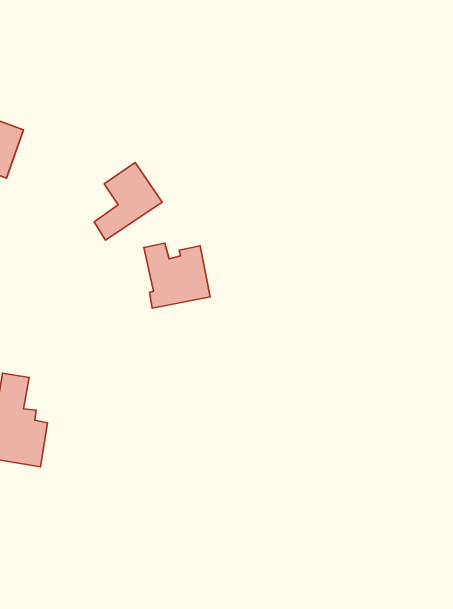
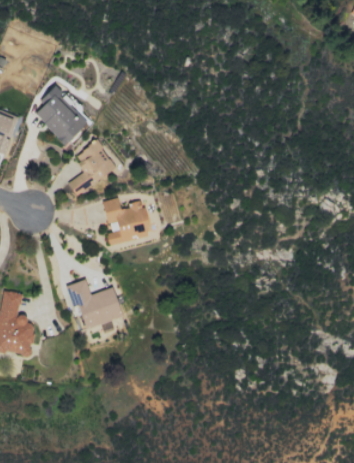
building: none -> [35,86,90,144]
building: none -> [72,279,123,329]

